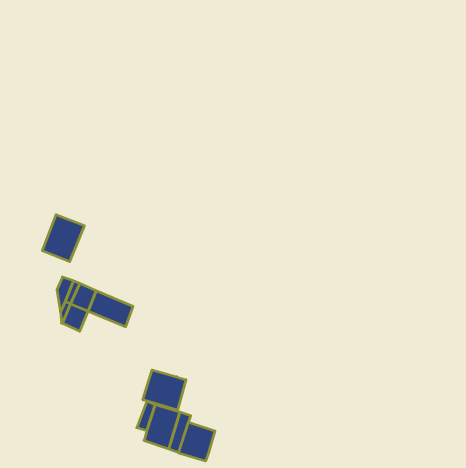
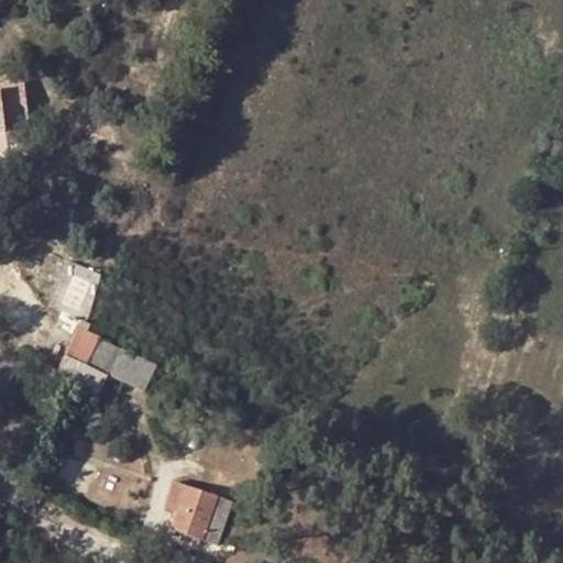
building: [143,370,186,410] -> none
building: [179,422,215,461] -> none

